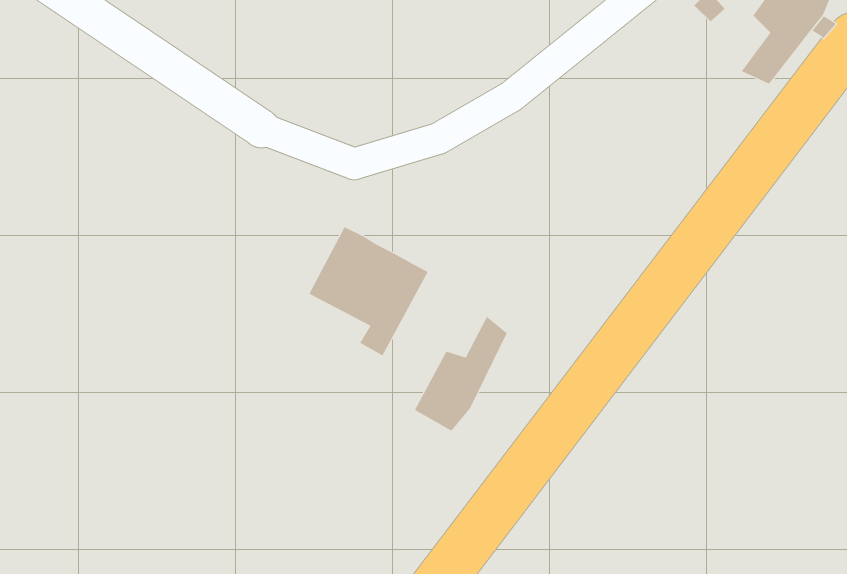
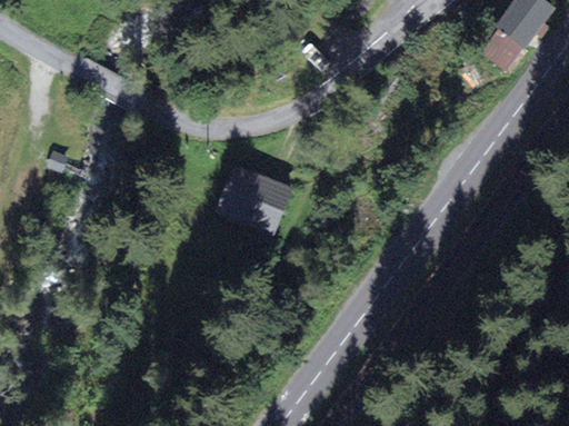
building: [414,316,507,431] -> none

